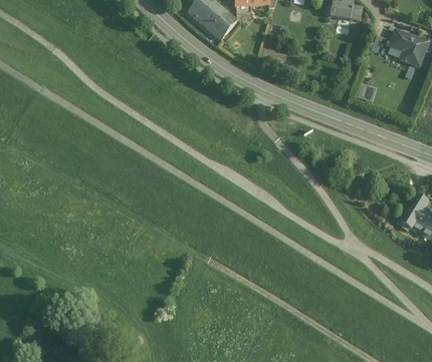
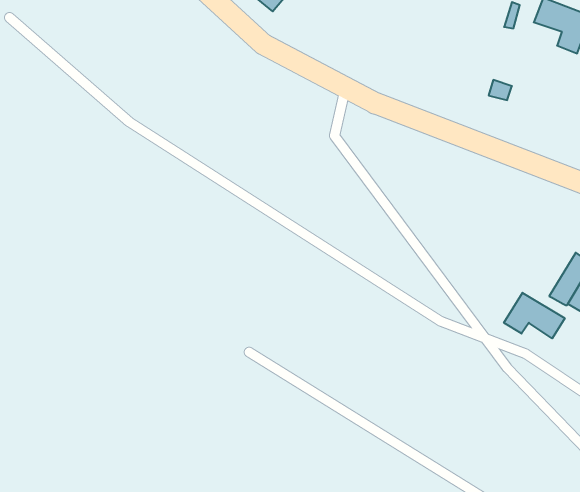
building: none -> [504,293,565,338]

